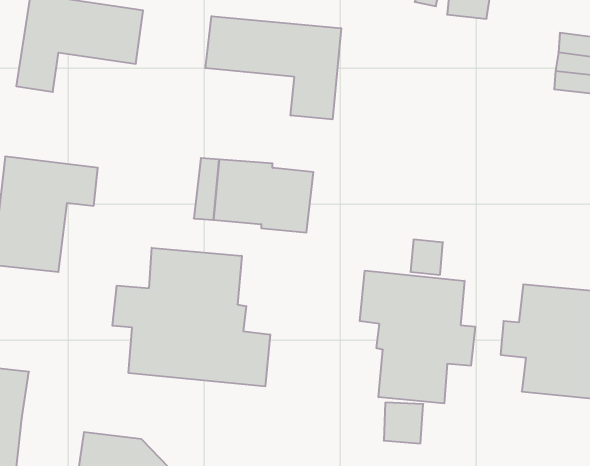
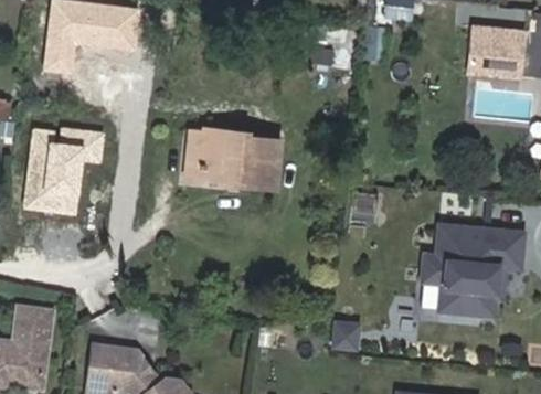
building: [206,16,341,119] -> none
building: [112,248,270,386] -> none
building: [360,271,475,403] -> none

